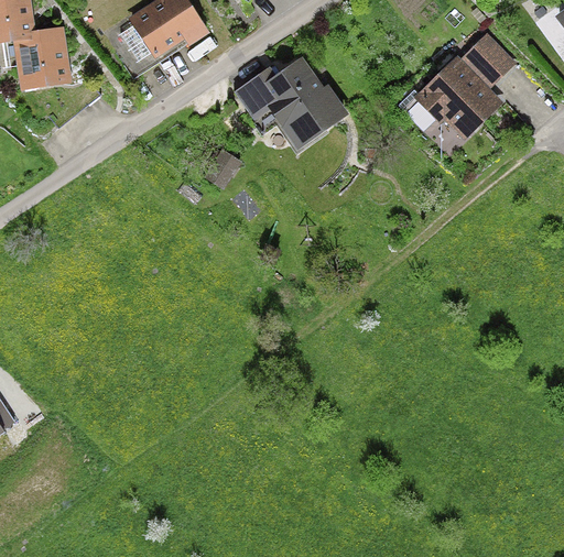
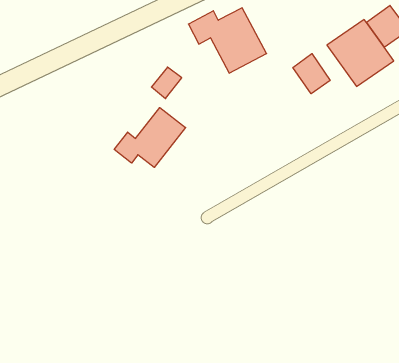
building: none -> [293,54,330,94]
building: none -> [114,108,186,167]

